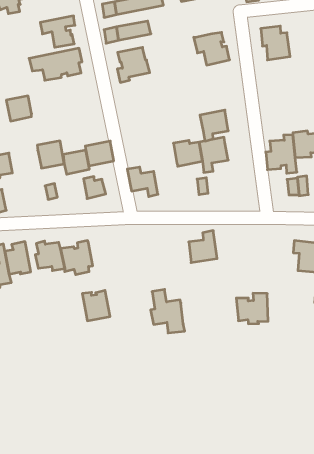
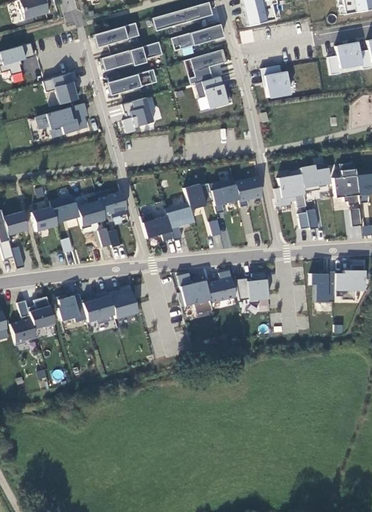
building: none -> [190,49,225,82]
building: [6,96,32,121] -> [31,205,57,231]
building: [200,110,228,141] -> [234,175,263,207]
building: none -> [166,206,193,240]
building: [151,289,185,333] -> [178,270,213,312]
building: [82,290,110,321] -> [109,286,138,317]
building: [236,293,268,324] -> [236,271,269,302]

